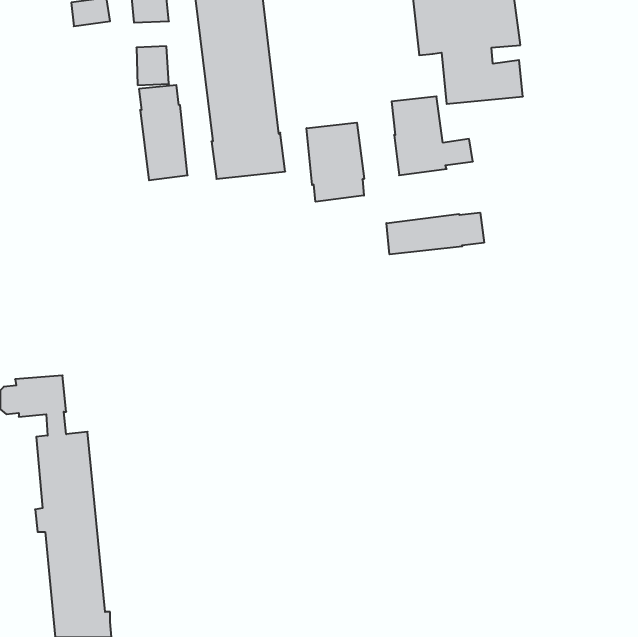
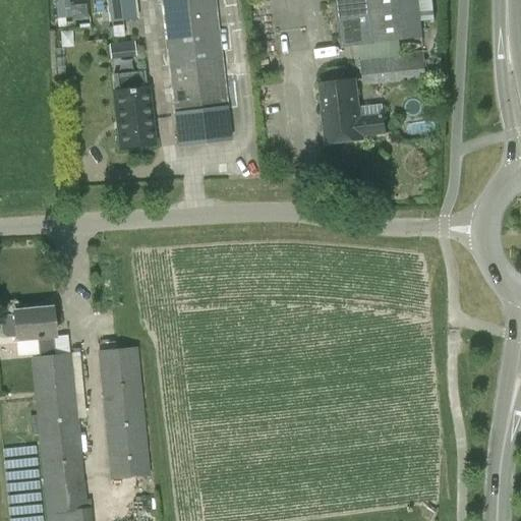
building: [307,123,364,202] -> none
building: [386,213,484,254] -> none
building: none -> [98,345,151,479]

